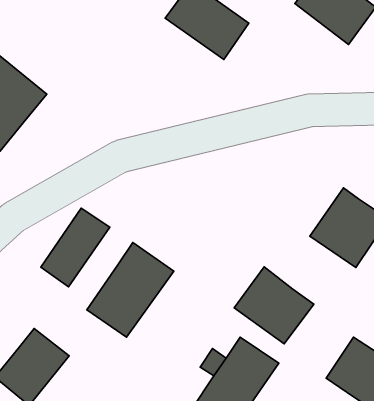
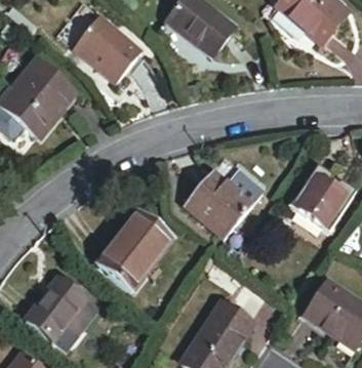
building: none -> [74,16,144,83]
building: [41,208,110,287] -> none
building: [234,267,314,344] -> [188,170,253,234]

